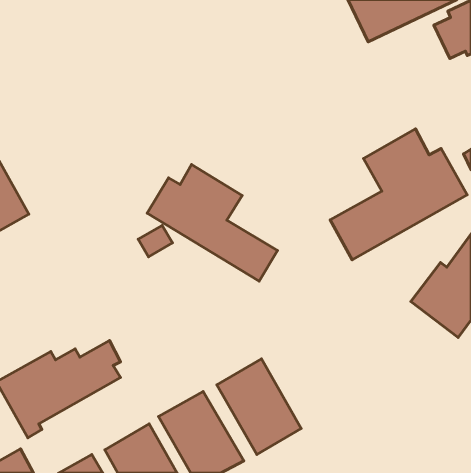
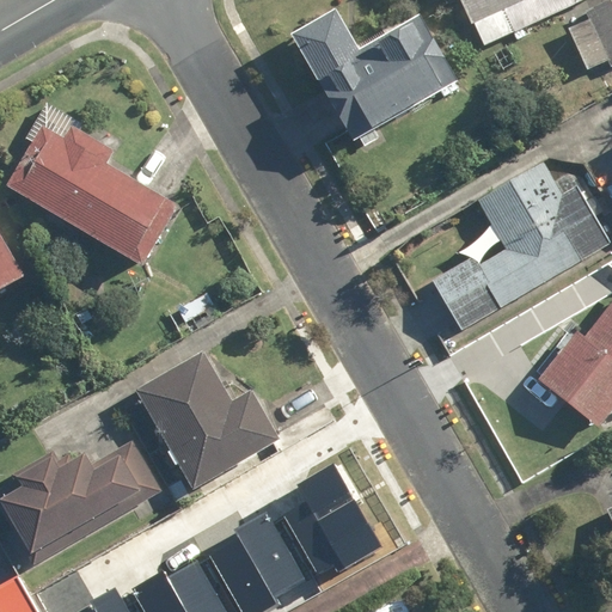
building: none -> [277,13,449,146]
building: none -> [20,122,189,262]
building: [147,165,278,281] -> none
building: none -> [143,345,290,485]

